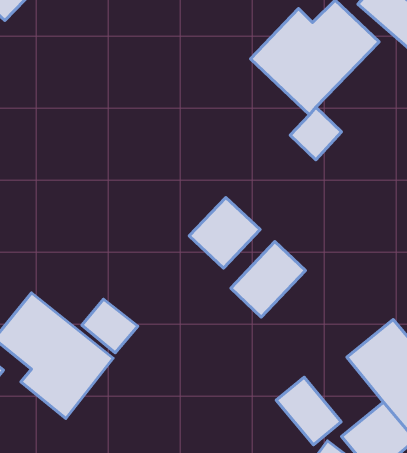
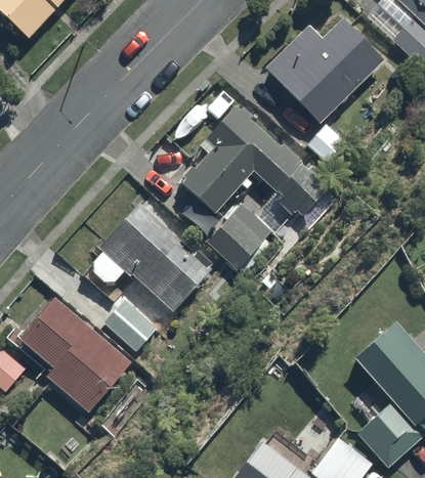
building: none -> [173,100,328,213]
building: none -> [91,200,216,312]
building: [231,241,305,317] -> none
building: [276,377,341,445] -> none

